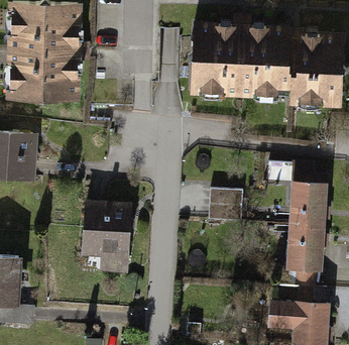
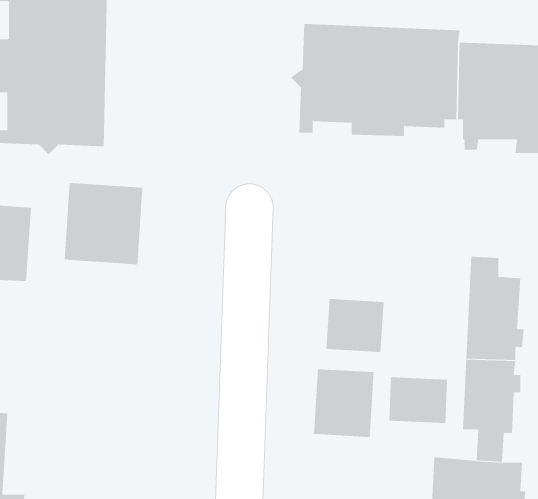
building: [84,205,131,254] -> [64,182,143,265]
building: none -> [314,369,374,438]
building: none -> [389,377,447,424]

